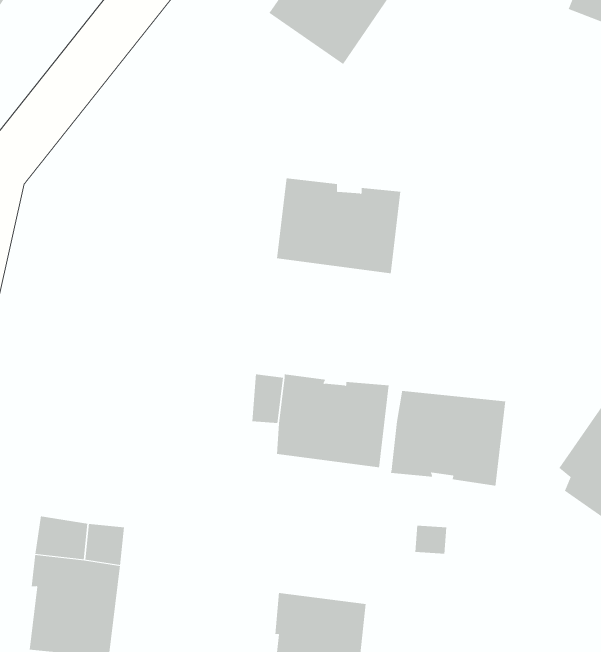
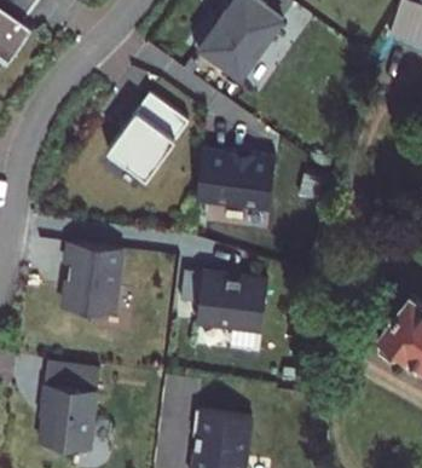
building: none -> [108,96,189,183]
building: none -> [64,245,122,318]
building: [390,390,506,486] -> none

